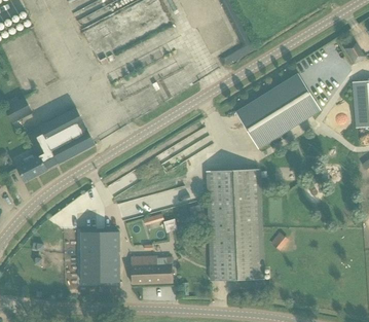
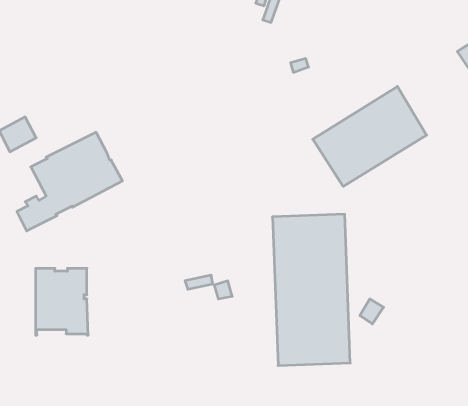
building: [80,232,119,282] -> [36,268,88,335]
building: [130,256,172,284] -> none

